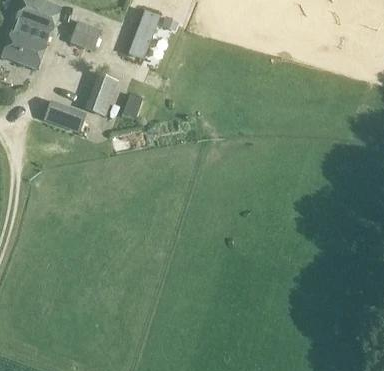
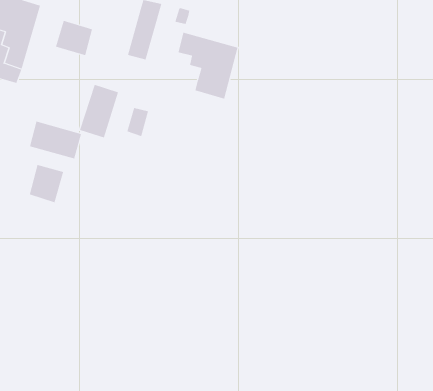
building: none -> [178,32,238,99]
building: none -> [29,164,64,203]

